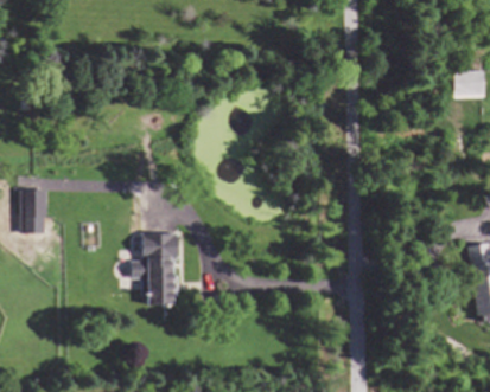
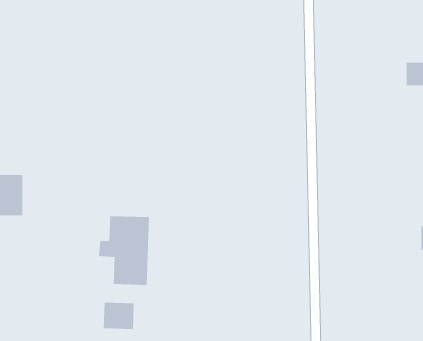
building: none -> [103,302,134,330]

